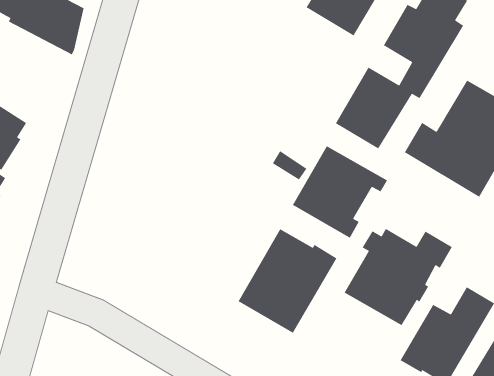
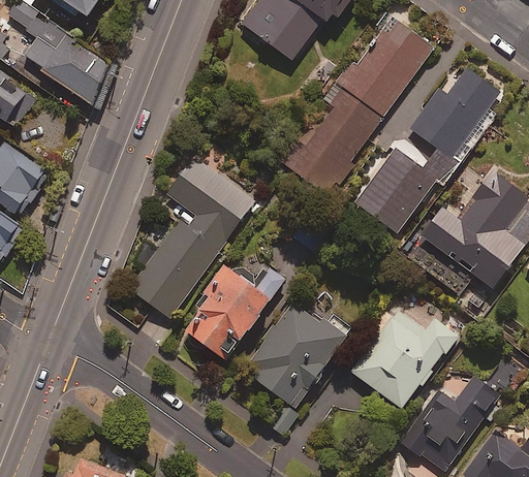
building: none -> [279,82,382,195]
building: none -> [129,157,252,317]
building: [292,145,388,239] -> none
building: none -> [185,263,288,362]

